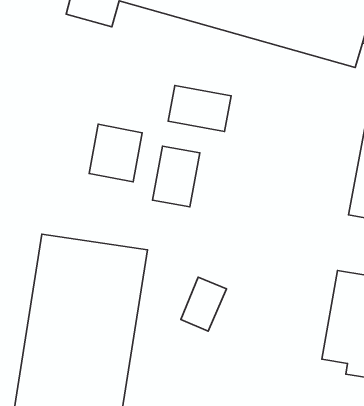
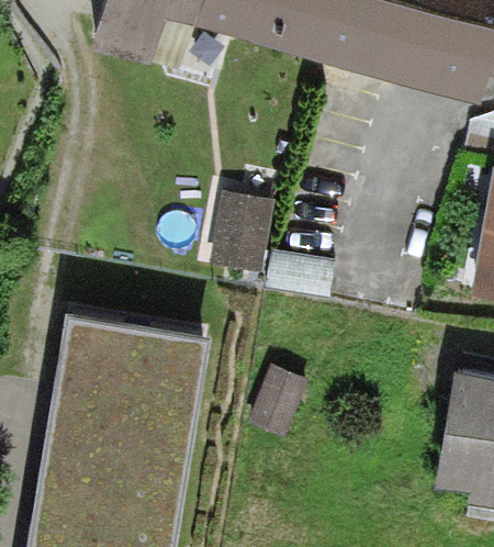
building: [168,85,231,131] -> none
building: [89,124,142,182] -> none

